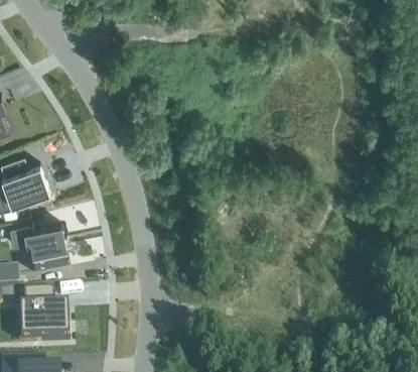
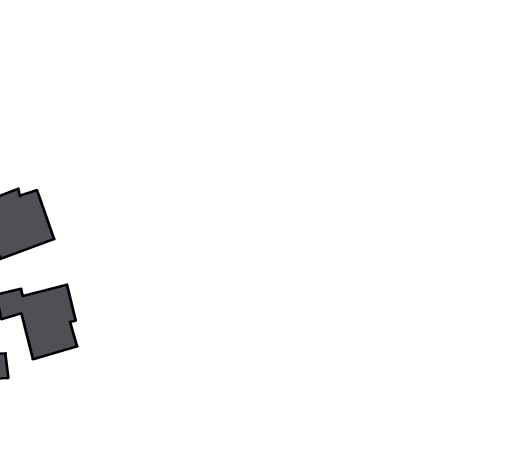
building: [19,288,68,341] -> none

